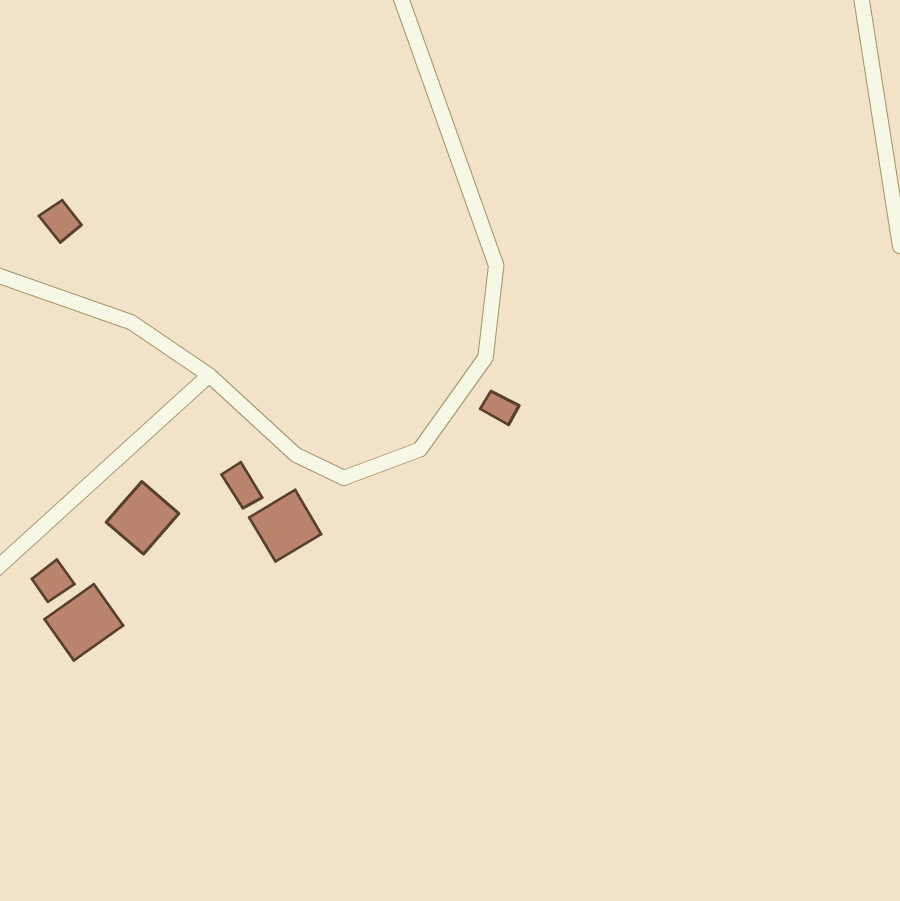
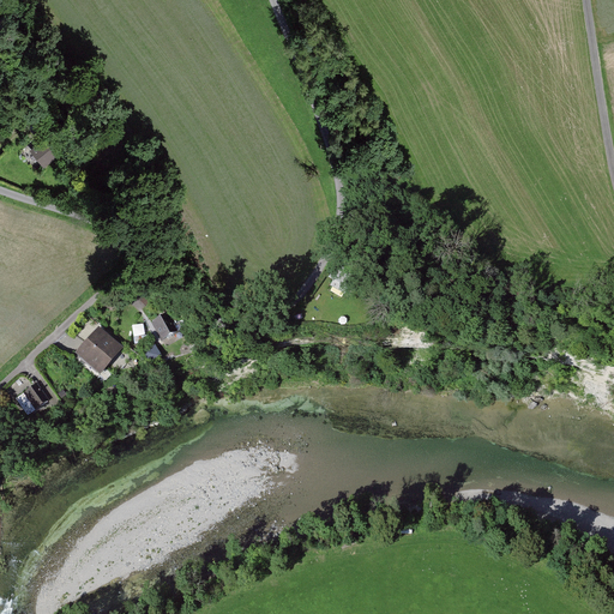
building: [249,490,321,562] -> none
building: [44,584,123,660] -> none

